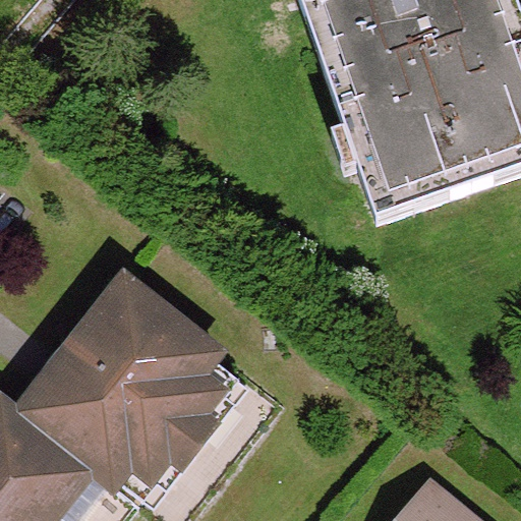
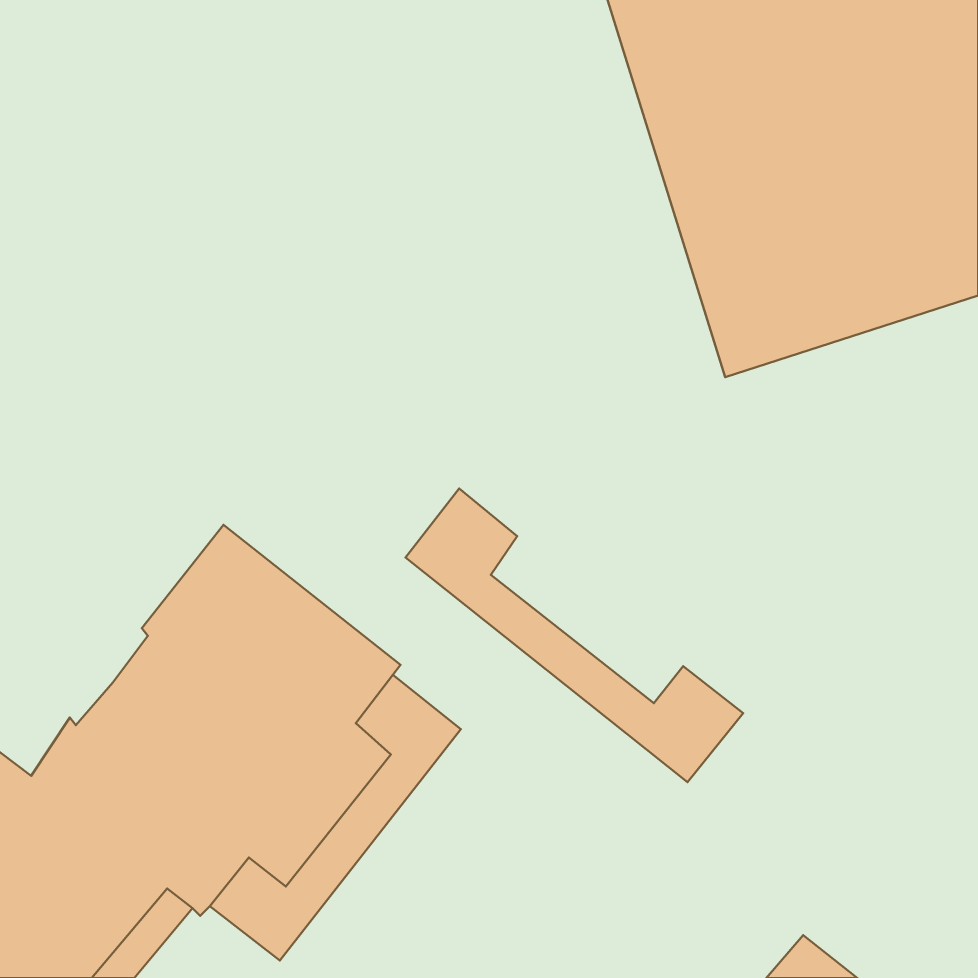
building: none -> [406,489,743,782]

